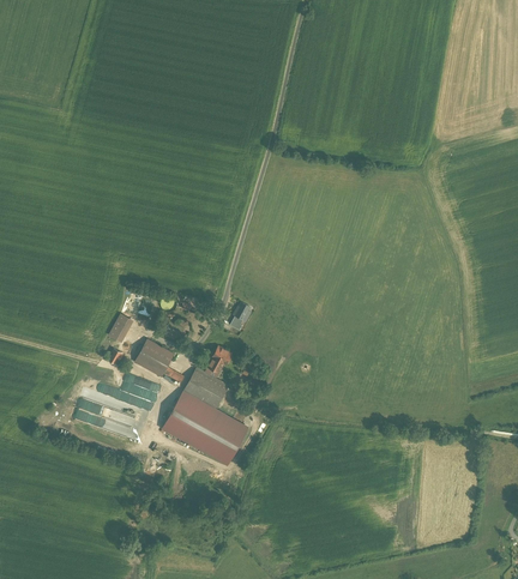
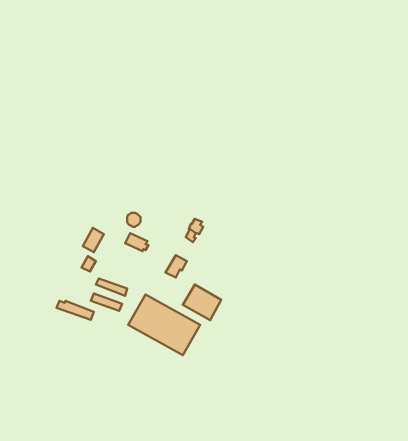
building: [134,339,183,382] -> none
building: [182,368,228,410] -> [183,285,221,320]

